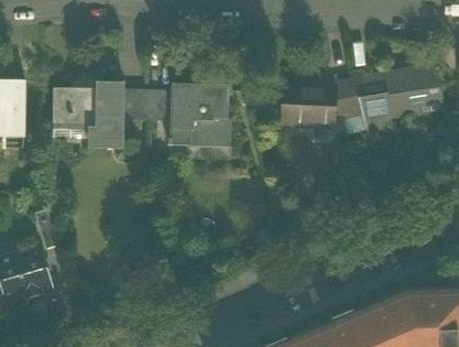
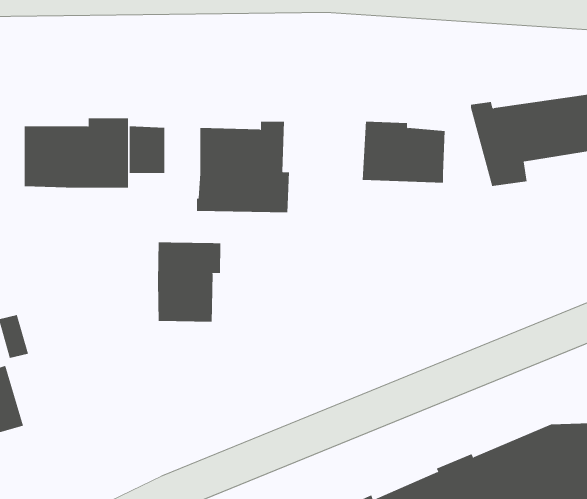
building: [336,77,363,121] -> none
building: [149,90,172,121] -> none
building: [88,131,124,149] -> none
building: none -> [157,242,221,323]

